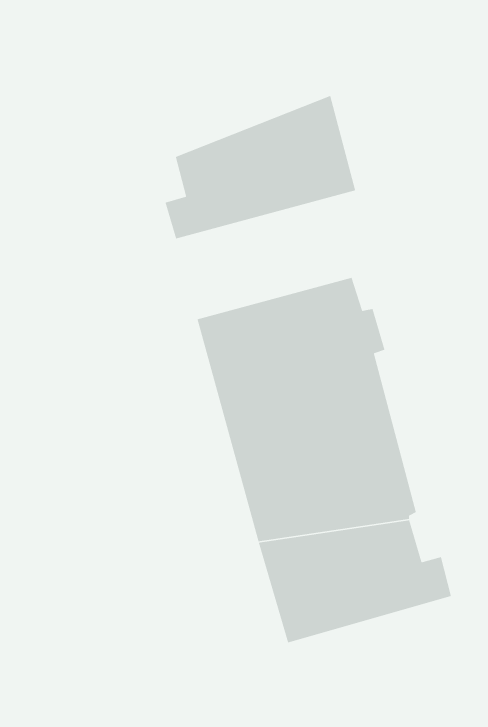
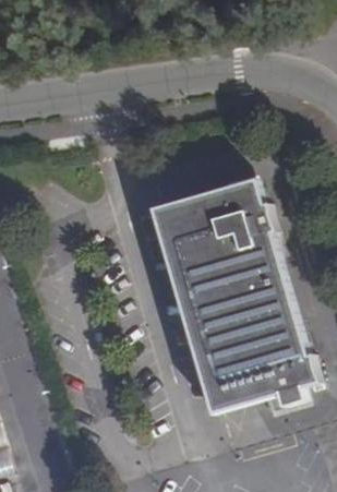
building: [164,95,356,239] -> none

